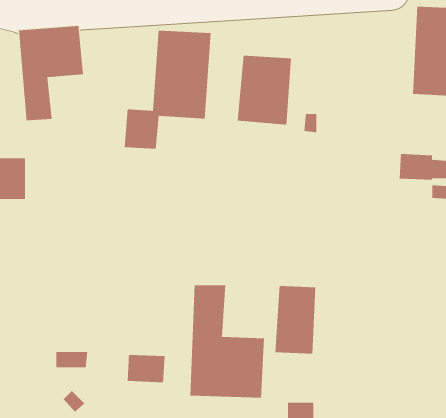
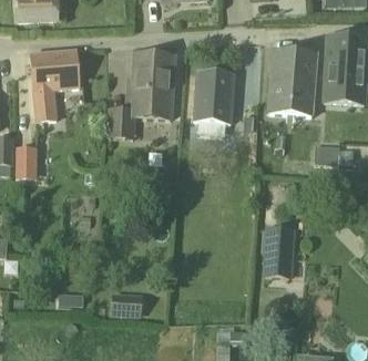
building: none -> [267,47,317,122]
building: [190,284,265,398] -> none
building: [274,286,316,354] -> [263,225,294,276]

